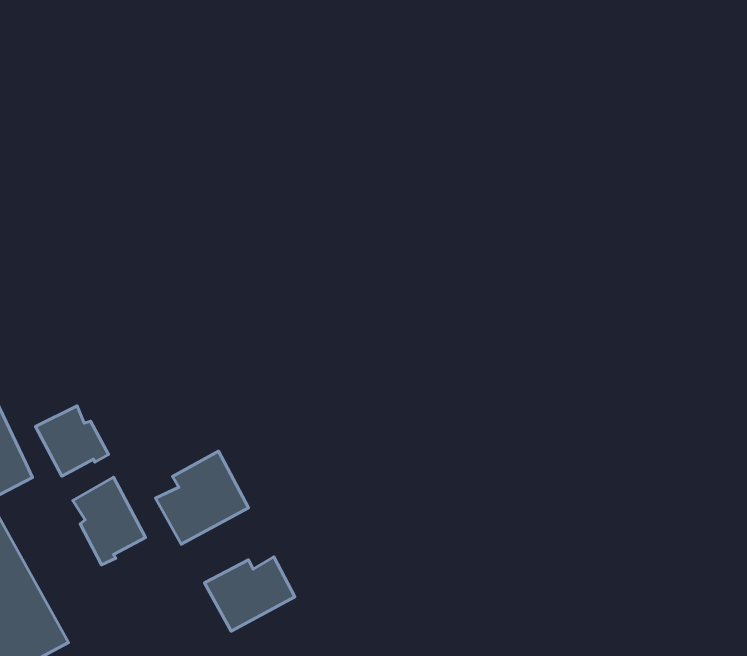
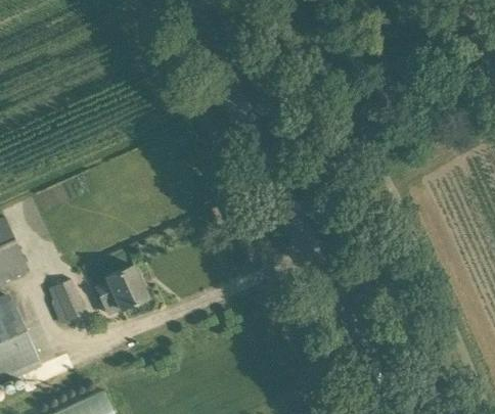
building: [36,406,108,476] -> none
building: [205,557,295,631] -> none

